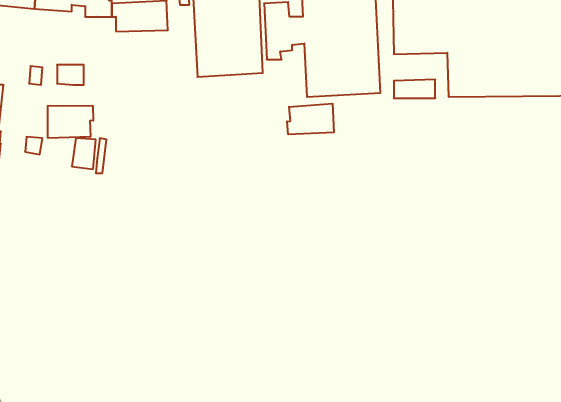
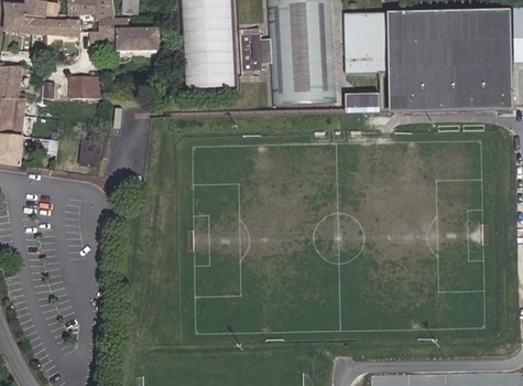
building: [287,104,334,134] -> none
building: [48,106,93,138] -> none

